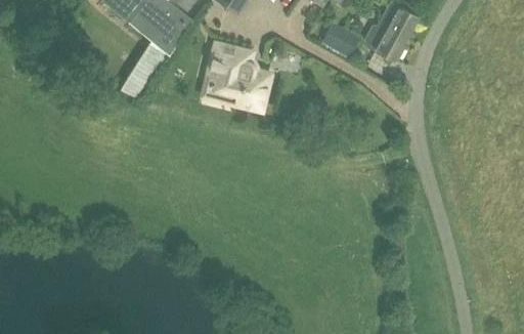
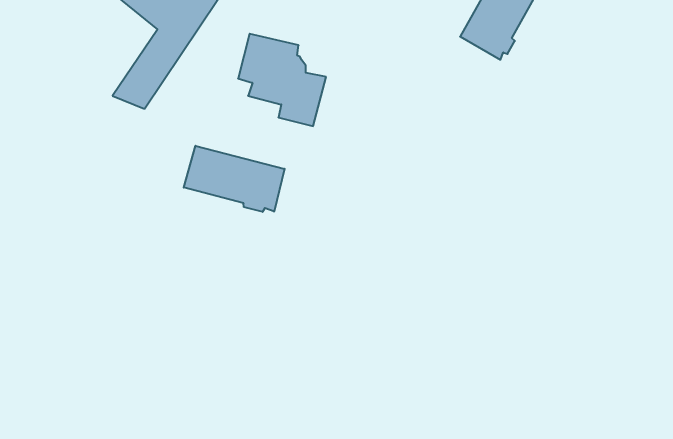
building: [322,24,357,55] -> none
building: none -> [184,146,285,212]

